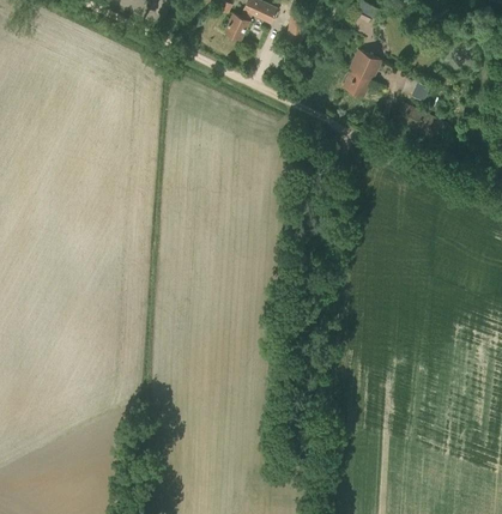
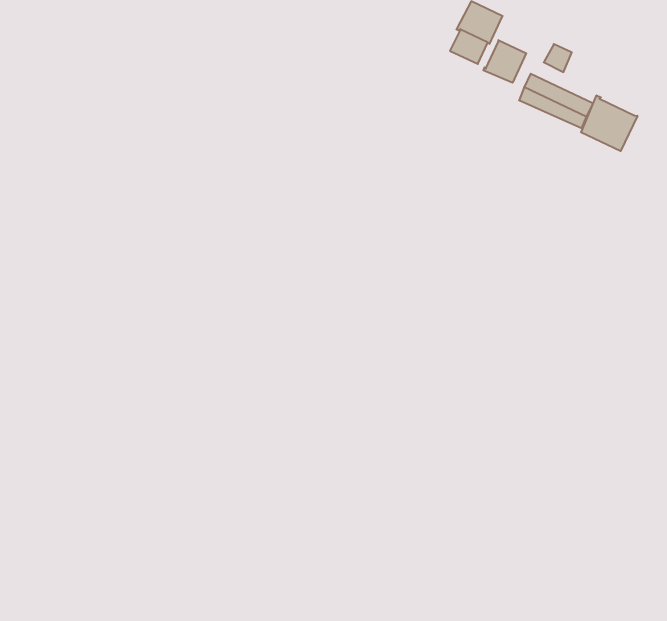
building: none -> [483,40,526,83]
building: none -> [581,95,637,151]

